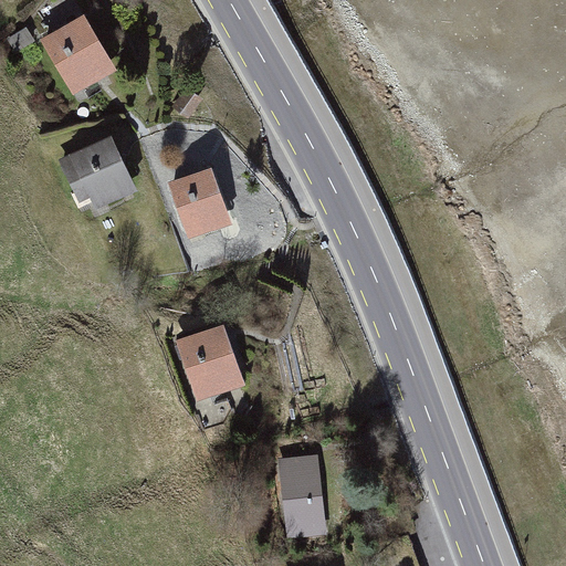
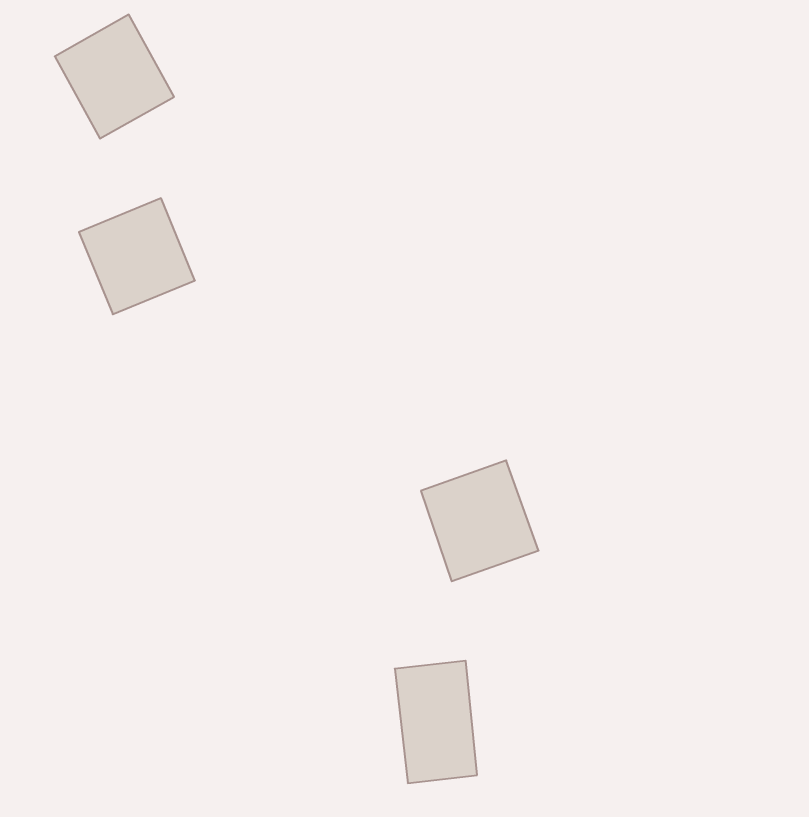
building: [167,167,233,240] -> none
building: [172,321,253,403] -> [421,460,539,581]

